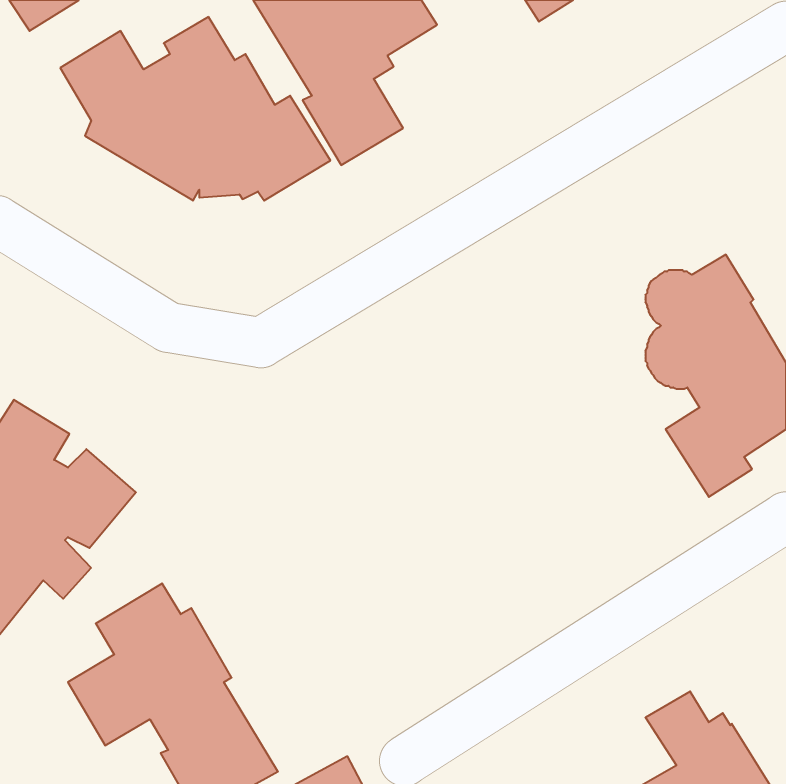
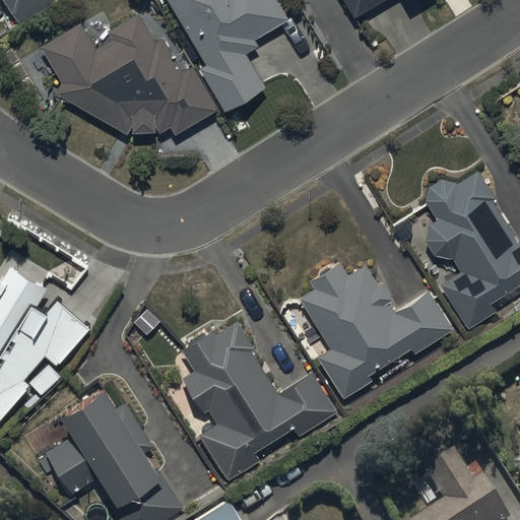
building: none -> [299,264,453,399]
building: none -> [181,322,337,480]

